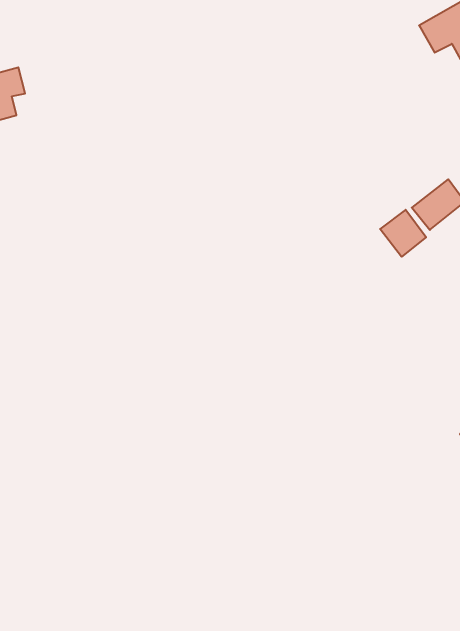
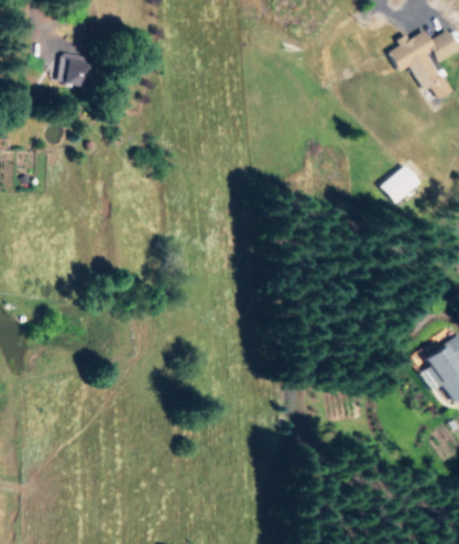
building: [380,210,426,257] -> none

